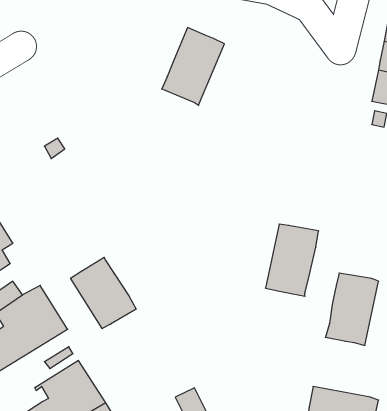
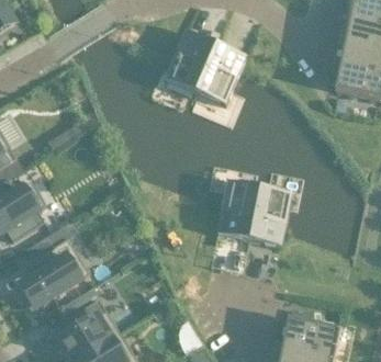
building: none -> [195,45,246,106]
building: [71,257,136,329] -> none
building: [325,273,379,345] -> [217,183,260,241]

